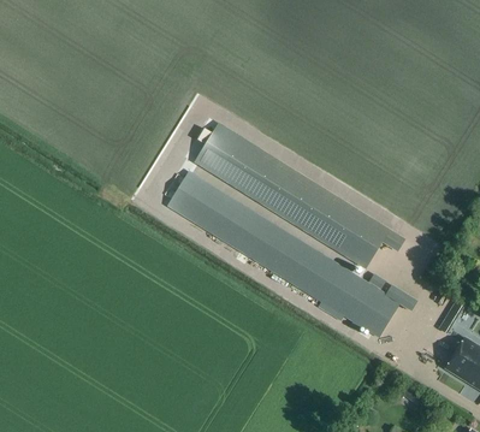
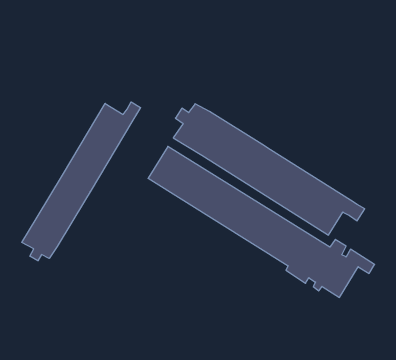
building: none -> [22,102,141,261]

